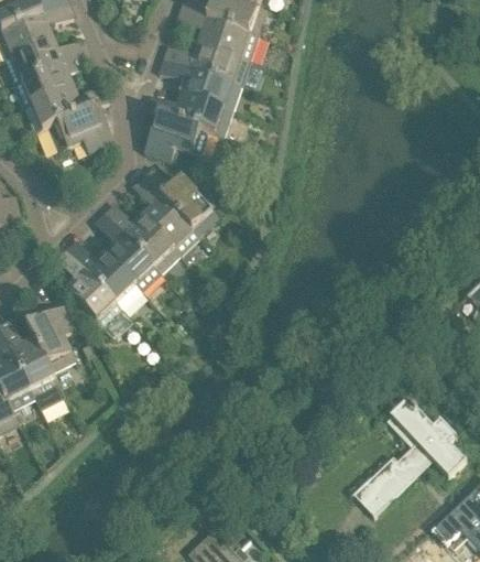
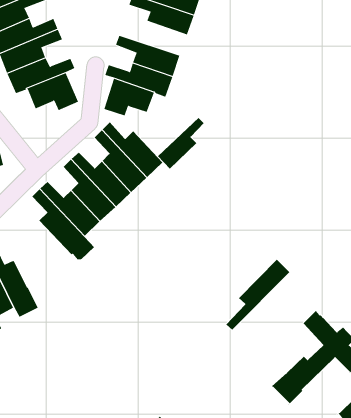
building: [164,42,249,85] -> none
building: none -> [157,117,204,170]
building: [26,303,83,371] -> none
building: none -> [226,259,290,330]

